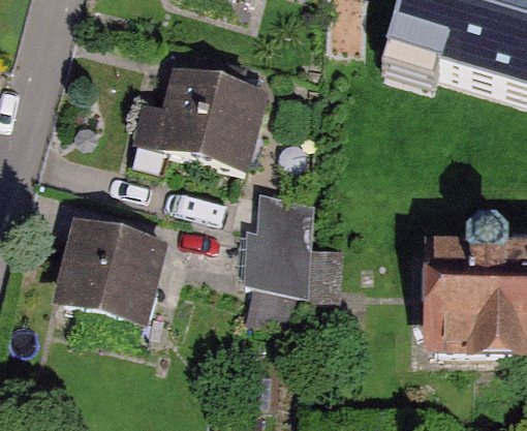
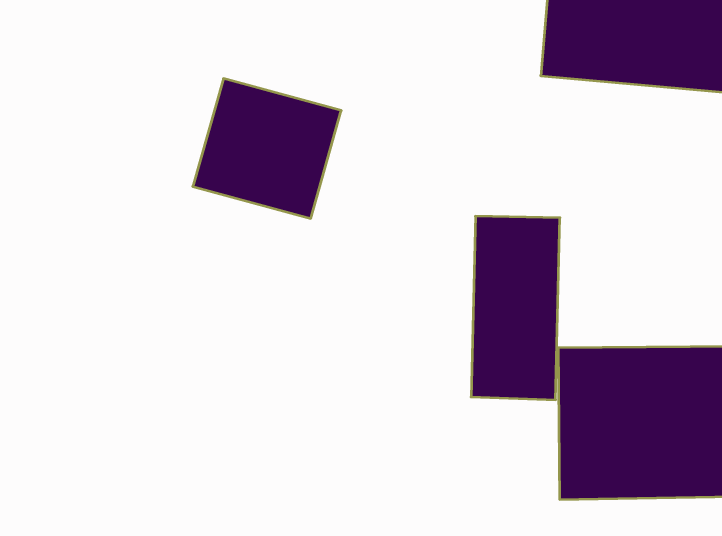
building: [260,184,323,314] -> [471,216,560,400]
building: [66,229,163,327] -> none

